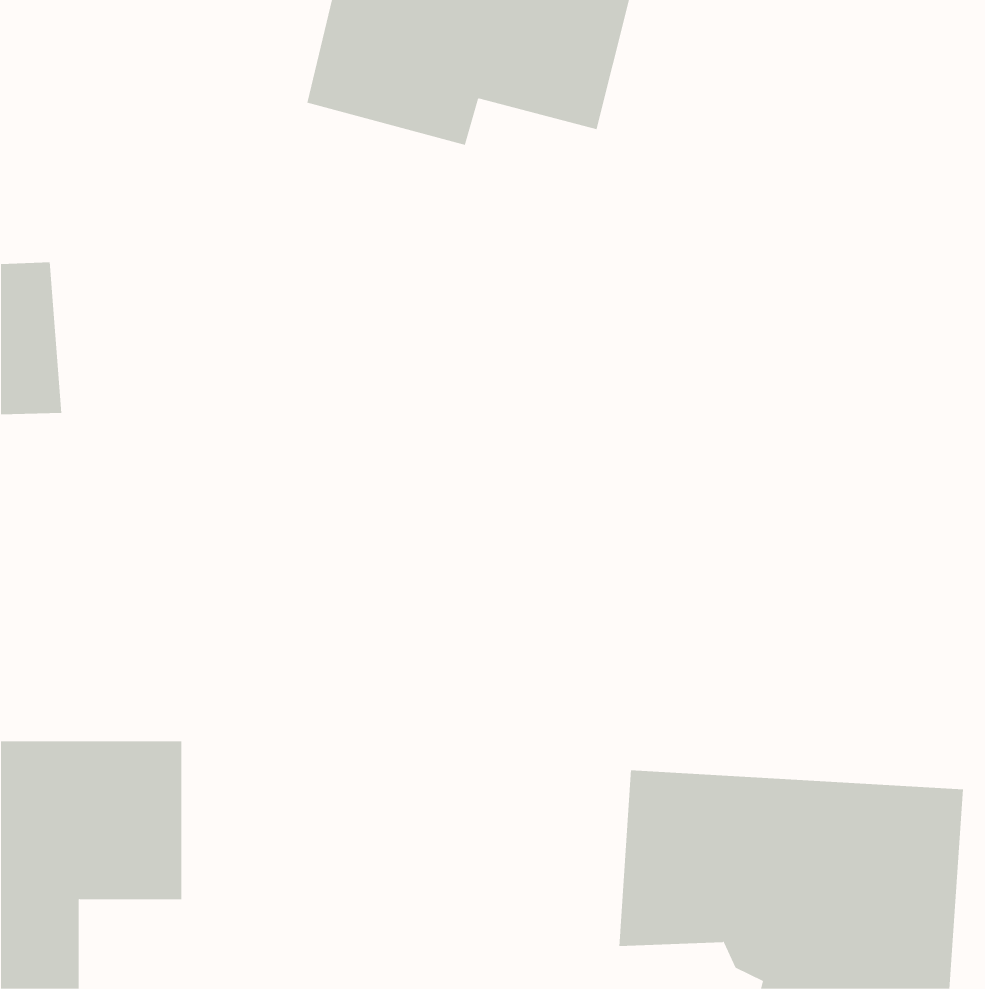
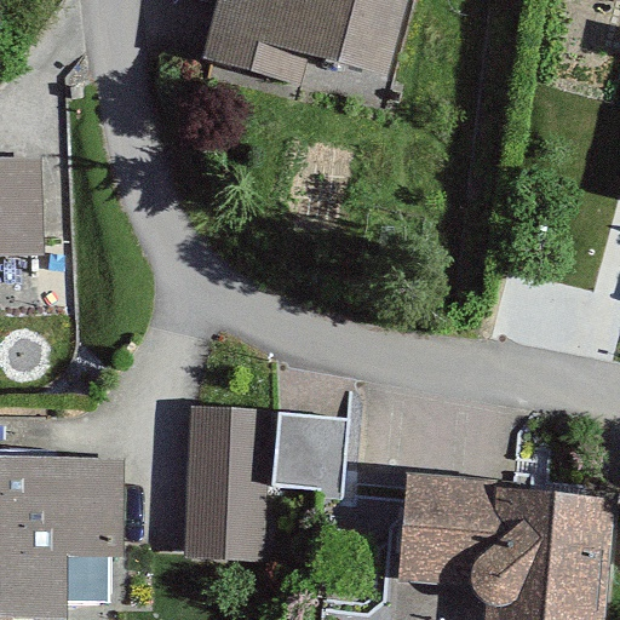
building: none -> [282,404,354,484]
building: none -> [186,408,270,559]

